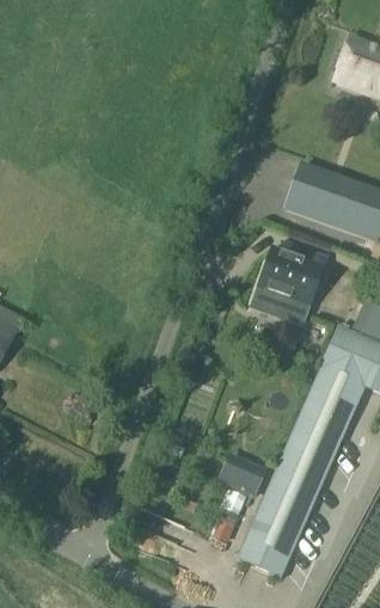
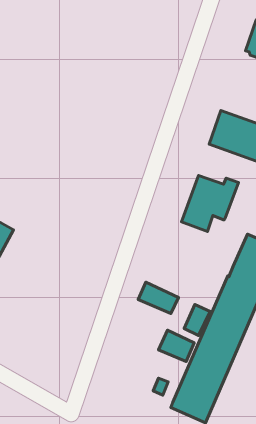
building: none -> [138,282,178,314]
building: none -> [184,304,210,335]

